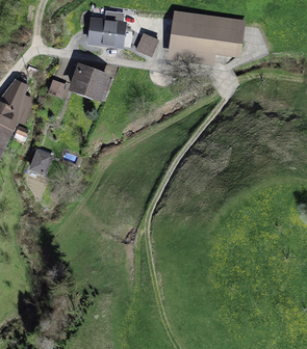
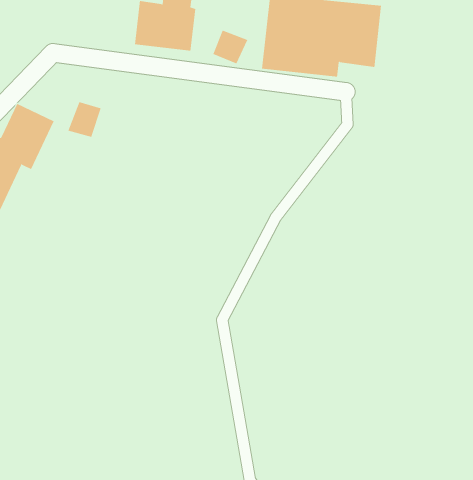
building: [70,64,110,100] -> none
building: [29,151,58,179] -> none

